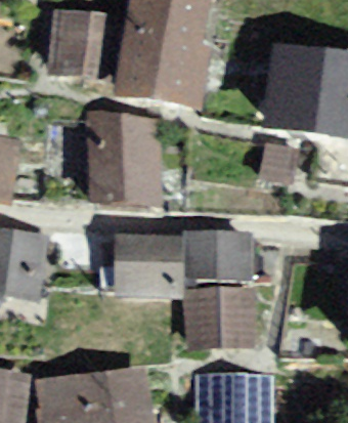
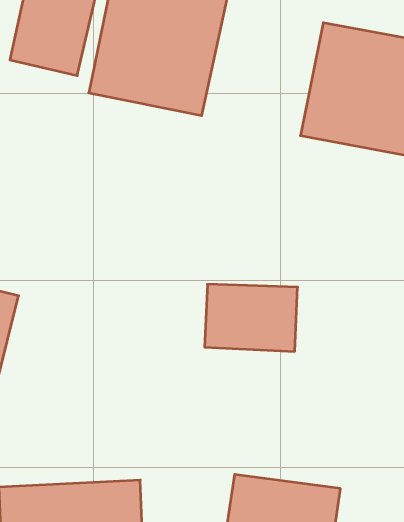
building: [77,109,159,202] -> none
building: [100,231,173,296] -> none
building: [183,287,251,353] -> none

